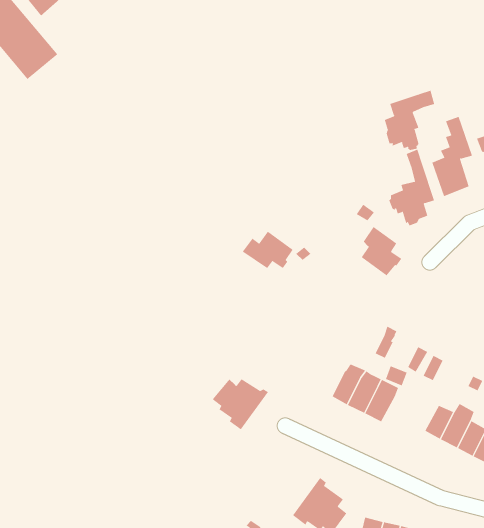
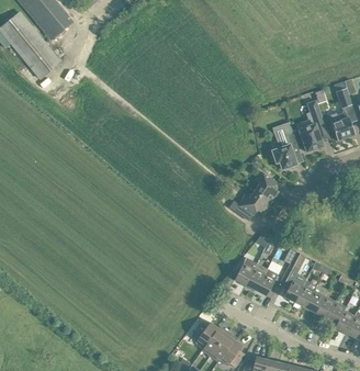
building: [384,90,435,151] -> none
building: [242,231,293,269] -> [237,191,270,215]
building: [212,378,269,430] -> [191,323,227,356]
building: none -> [282,270,306,302]

